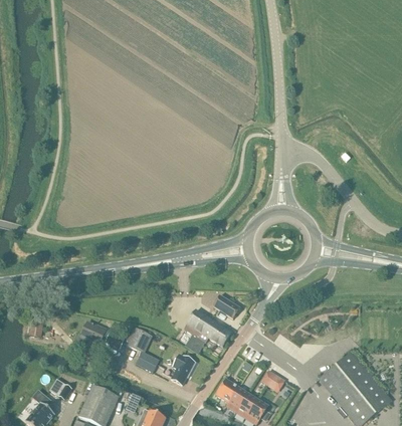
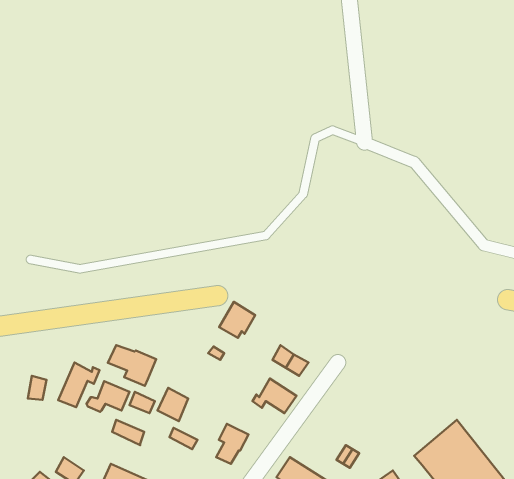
building: none -> [108,345,156,386]
building: none -> [58,363,99,407]
building: [184,309,211,337] -> [219,302,255,338]

